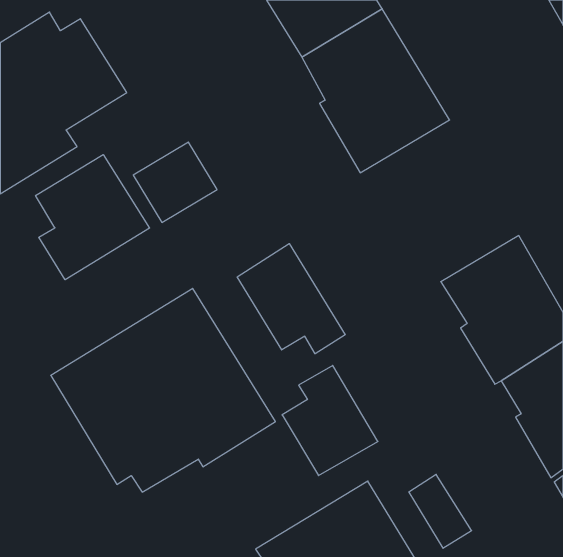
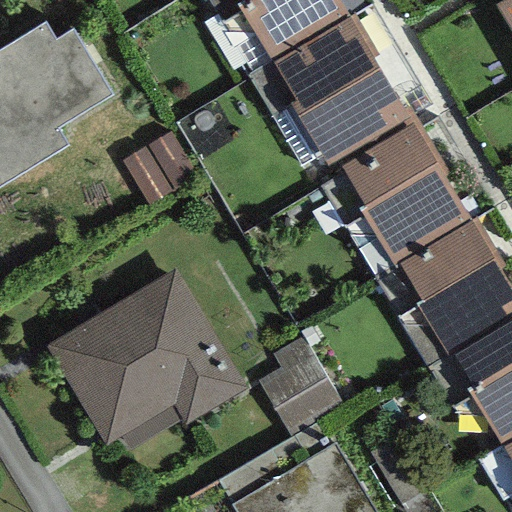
building: none -> [340,122,471,264]
building: [36,155,150,280] -> none
building: [237,244,345,354] -> none

